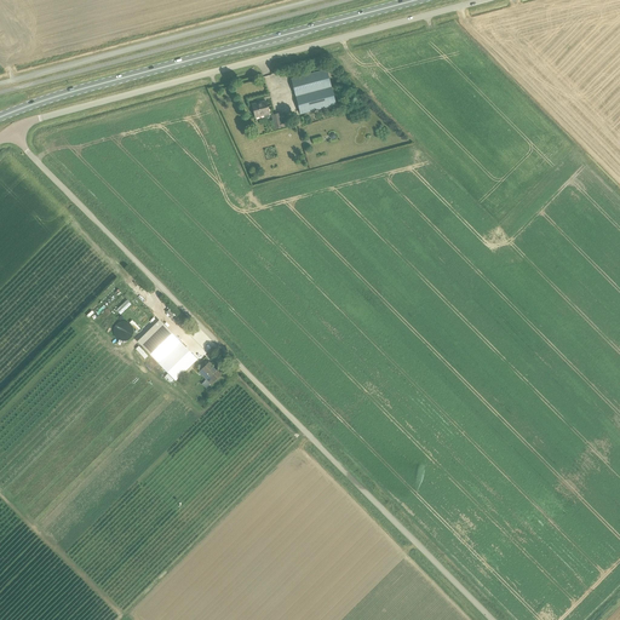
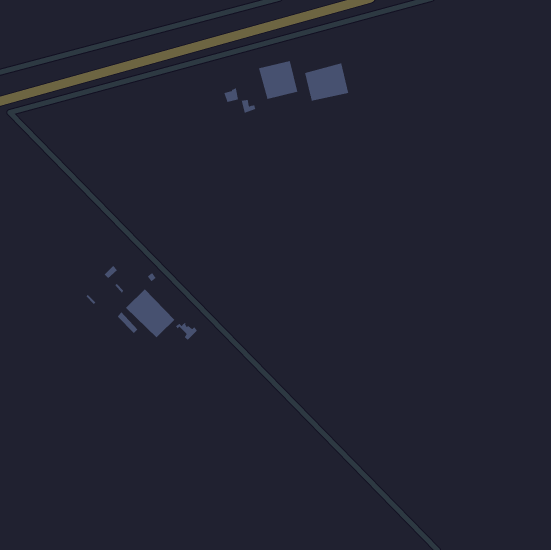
building: none -> [304,63,349,102]

